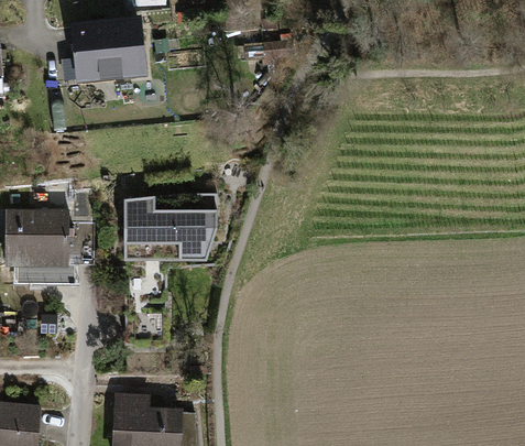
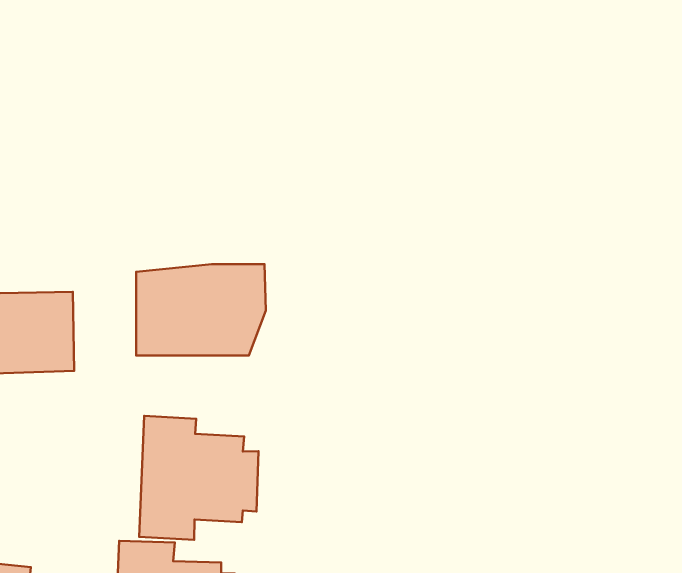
building: [69,19,141,83] -> none
building: none -> [139,416,258,540]

